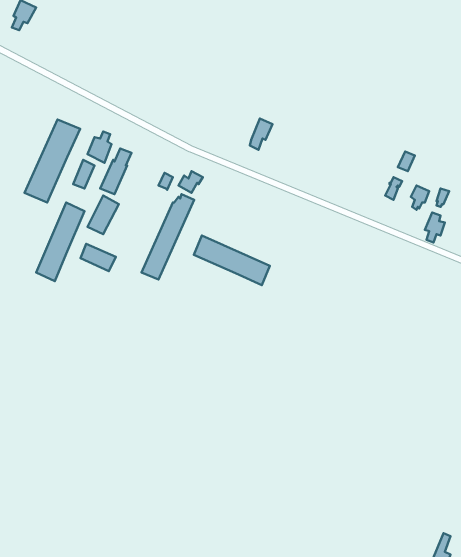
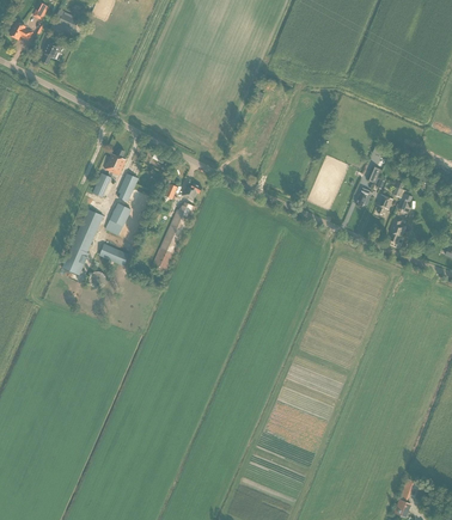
building: [25,119,80,202] -> none
building: [194,235,270,285] -> none

